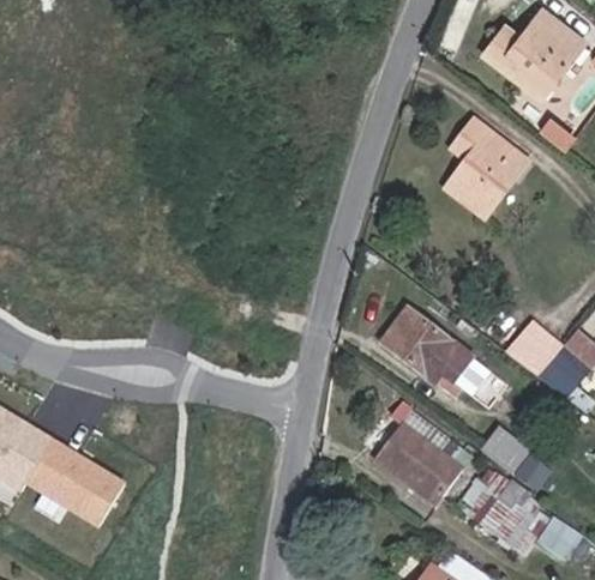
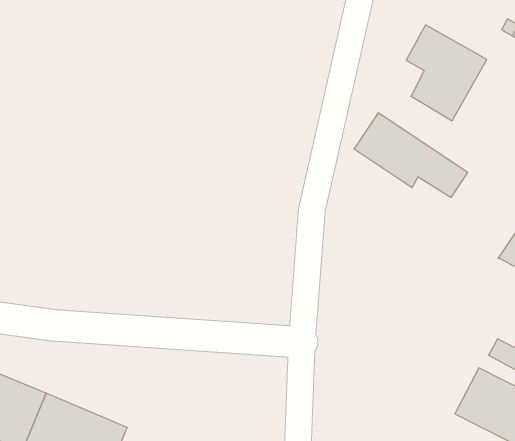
building: [385,312,491,401] -> [354,113,468,197]
building: [380,412,465,493] -> none

